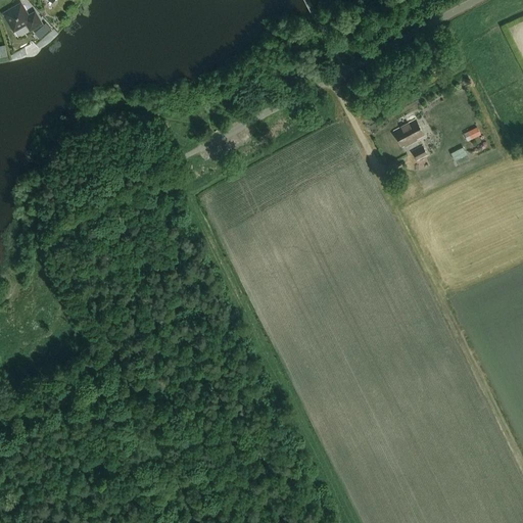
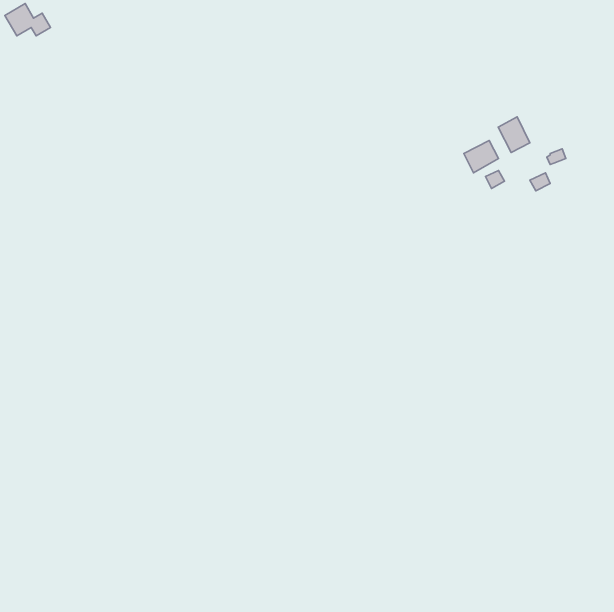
building: none -> [498,117,530,152]

